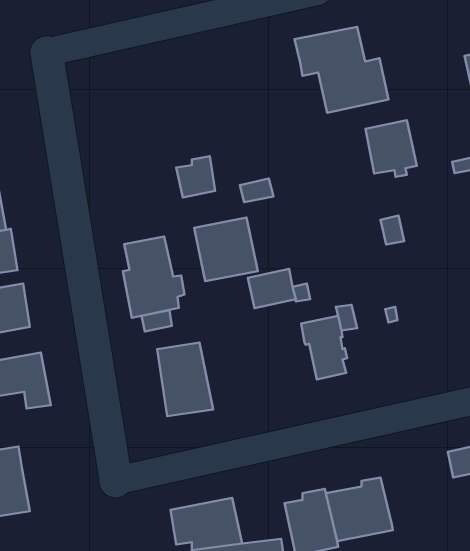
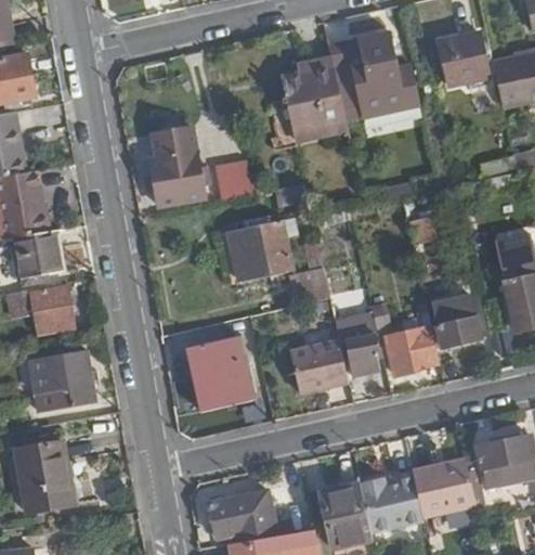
building: none -> [280,68,345,131]
building: [365,120,417,177] -> [440,35,490,90]
building: [123,236,184,318] -> [152,126,211,205]
building: none -> [426,274,478,348]
building: none -> [386,326,438,376]
building: none -> [291,340,348,392]
building: none -> [412,465,478,517]

